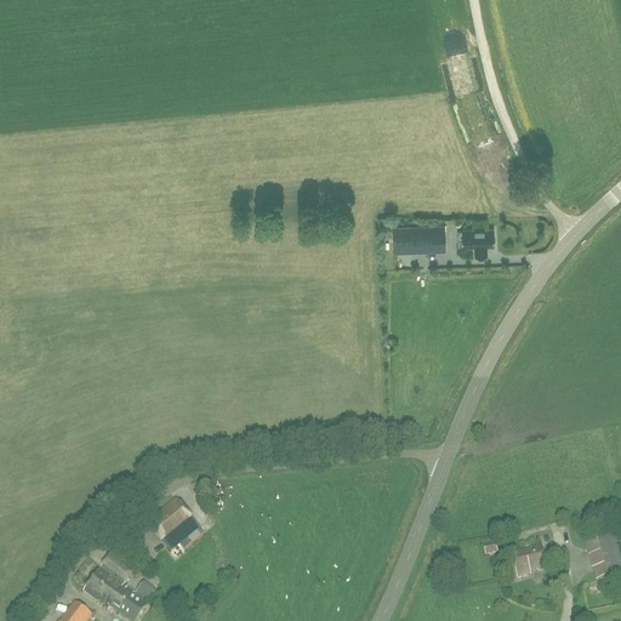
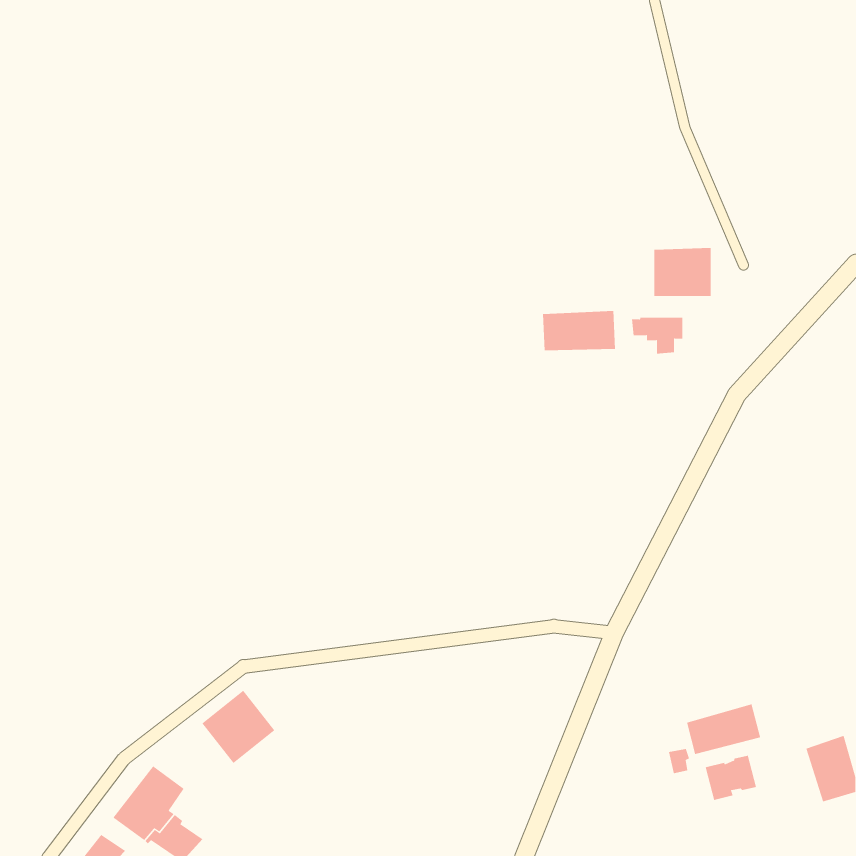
building: none -> [654,247,711,297]
building: none -> [686,704,761,755]

